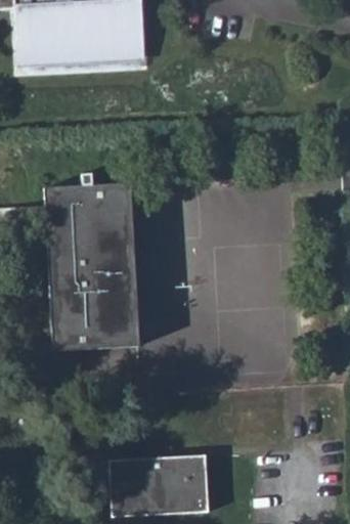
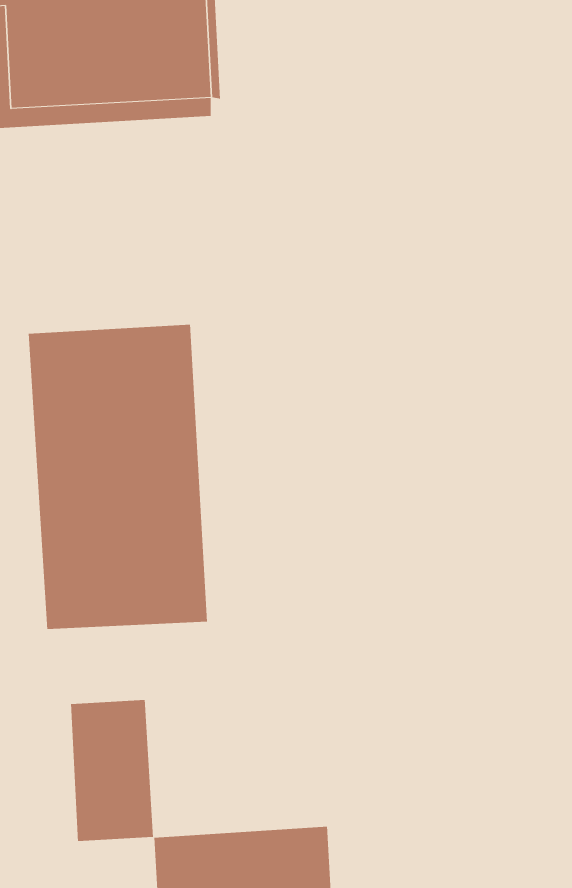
building: none -> [71,699,153,842]

